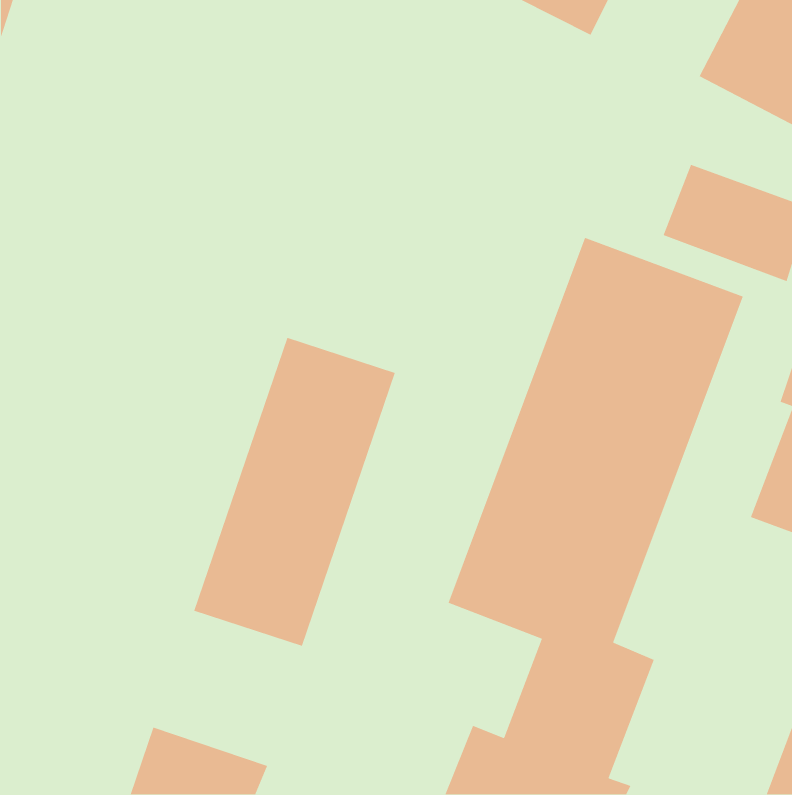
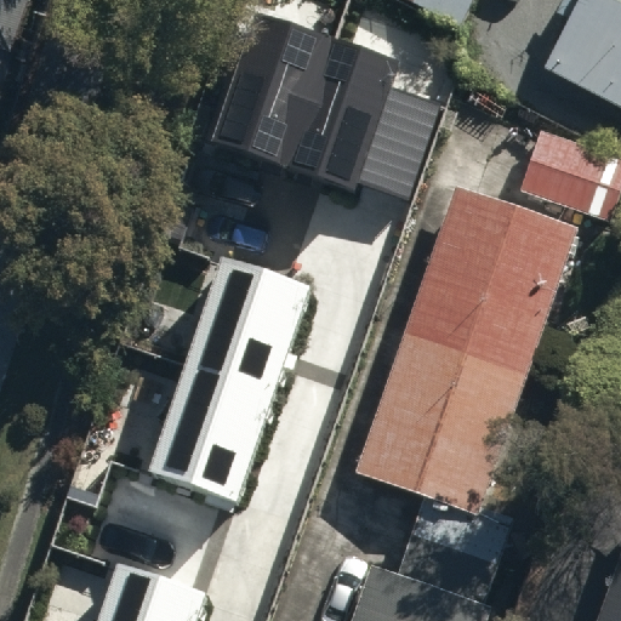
building: none -> [216,12,450,201]

